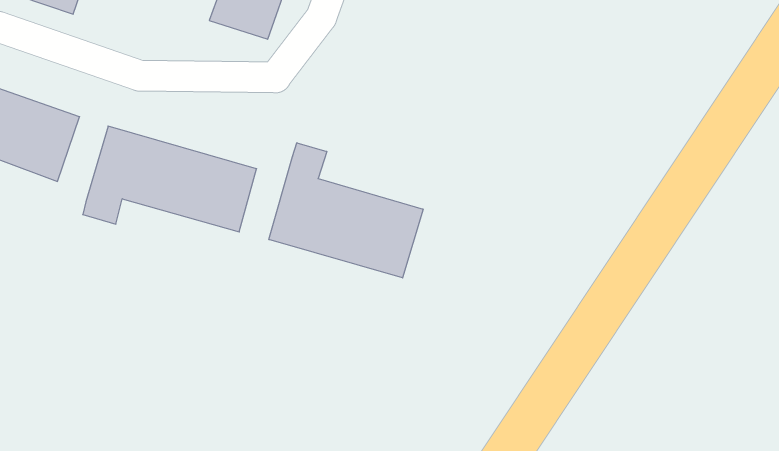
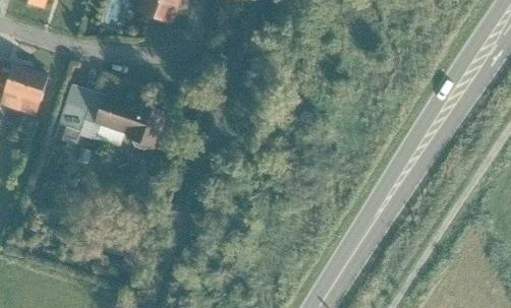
building: [269,143,423,278] -> none

